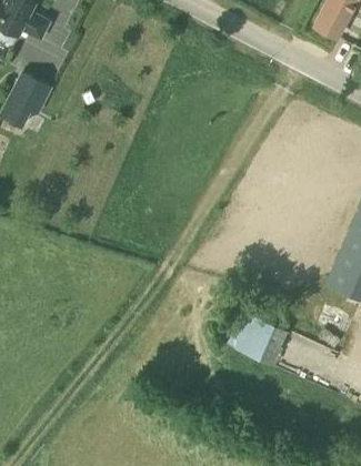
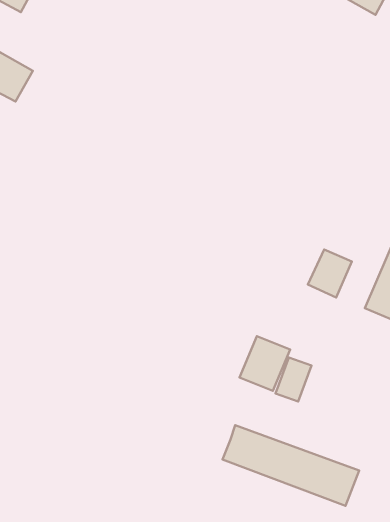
building: none -> [308,250,352,297]
building: none -> [223,425,359,506]

